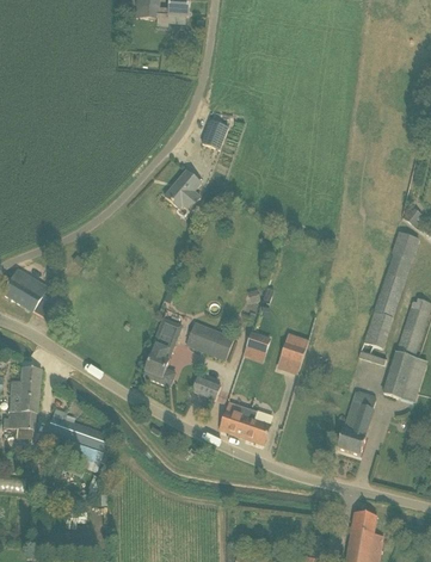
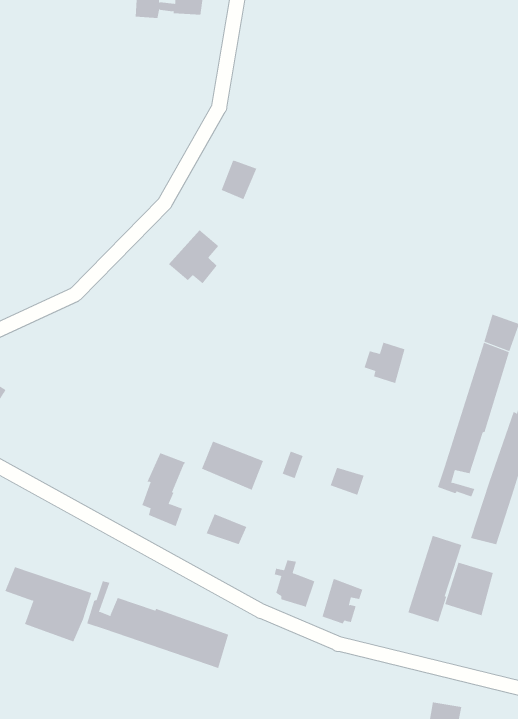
building: none -> [364,342,405,384]
building: [220,400,251,433] -> [320,578,363,624]
building: none -> [445,562,494,616]
building: none -> [86,580,229,669]

